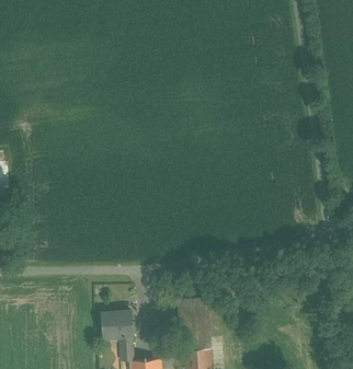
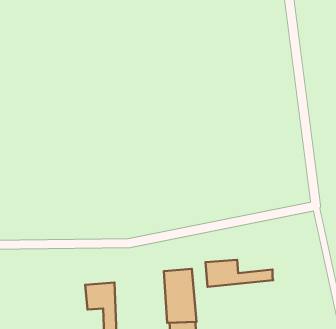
building: none -> [205,260,273,287]

